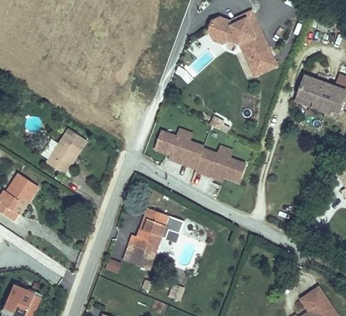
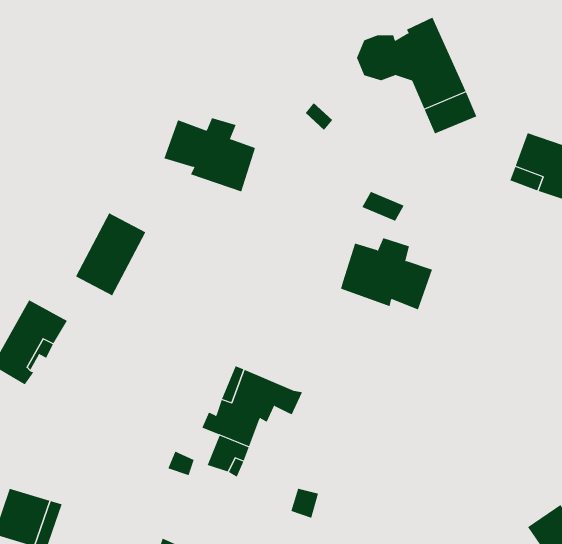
building: [153,124,205,166] -> [163,118,256,192]

